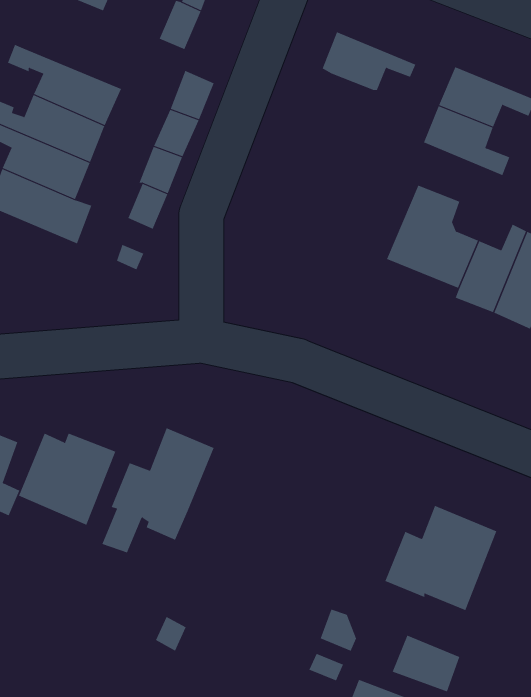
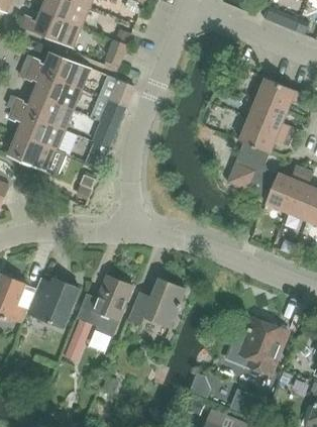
building: none -> [23,52,90,90]
building: [322,31,416,91] -> [238,119,290,151]
building: none -> [128,279,184,326]

